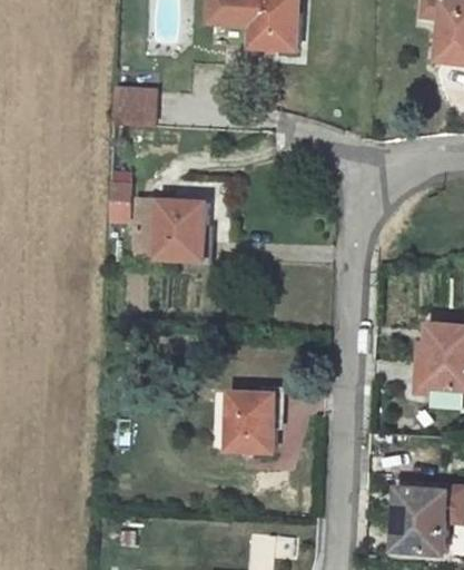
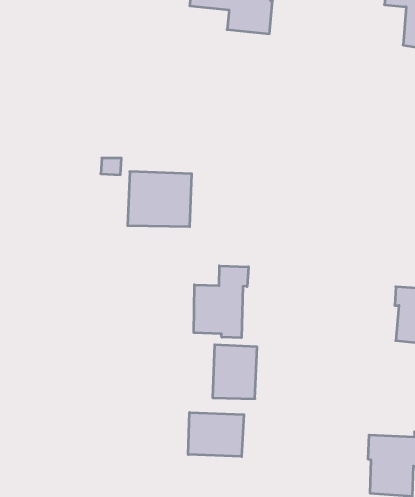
building: [112,91,155,127] -> none
building: none -> [194,266,248,338]
building: none -> [188,412,244,457]

